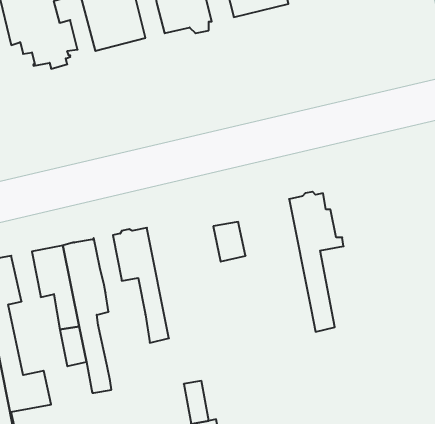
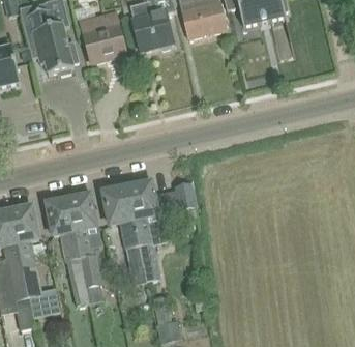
building: [289,192,344,332] -> [127,181,166,280]

